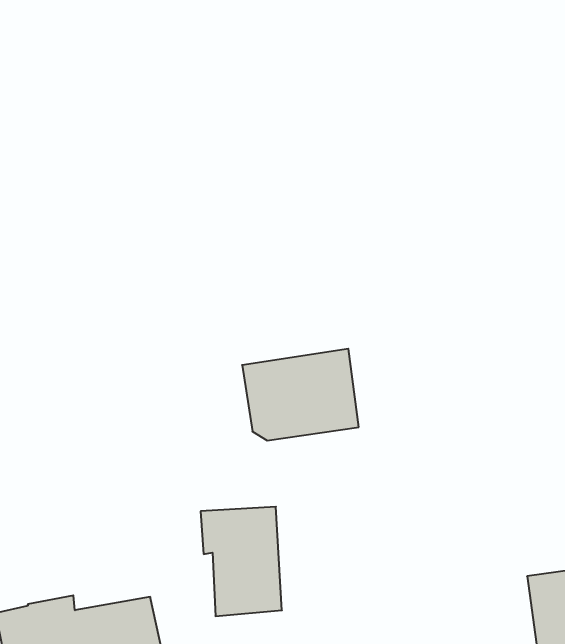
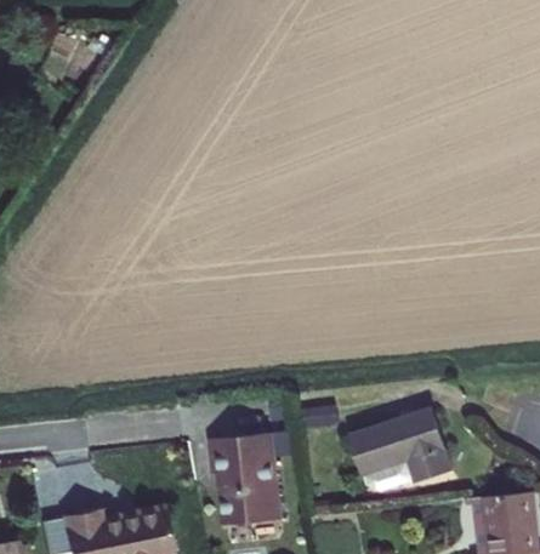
building: [242,349,359,440] -> [335,407,431,482]

